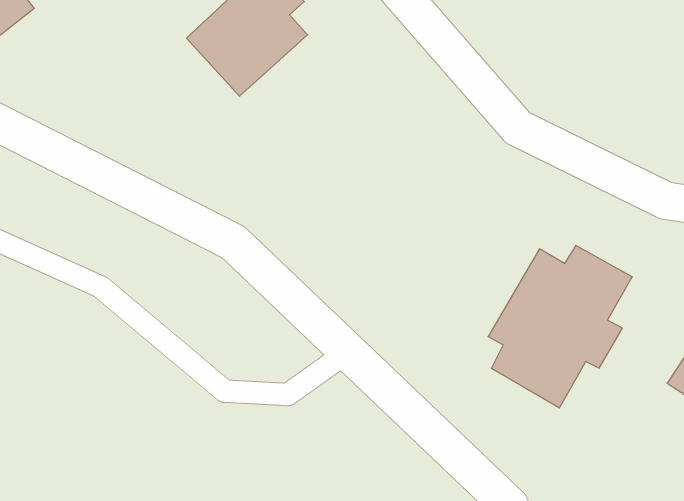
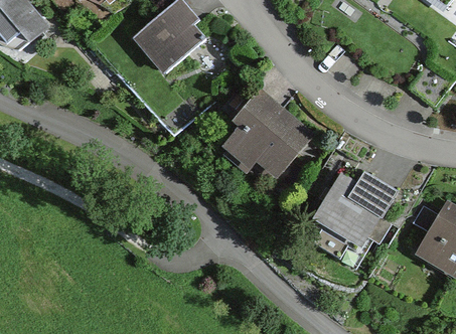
building: none -> [222,86,317,178]

